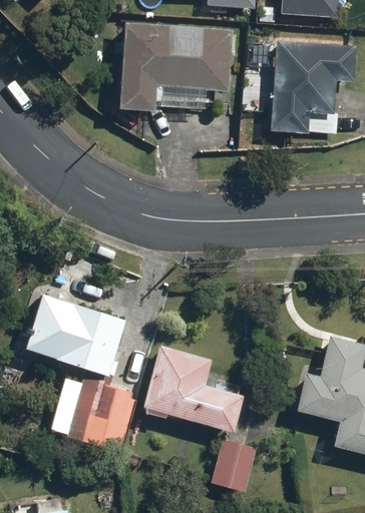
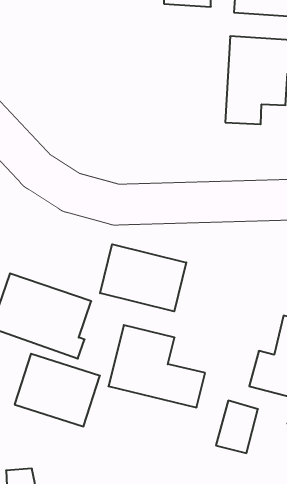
building: [114,21,232,111] -> none
building: none -> [100,244,186,311]
building: [215,437,259,492] -> [216,401,258,453]

